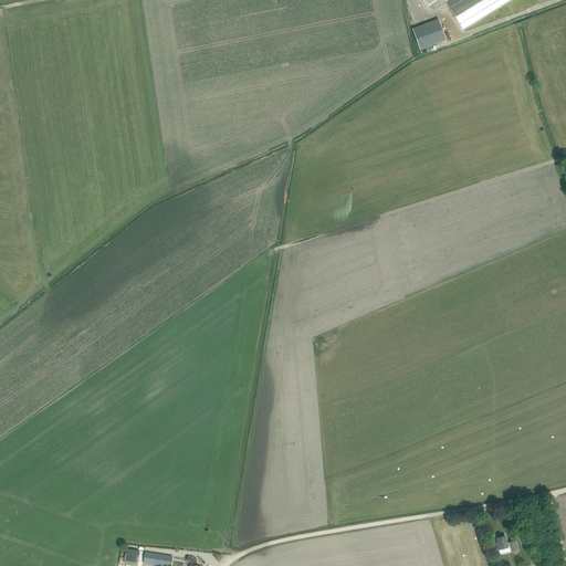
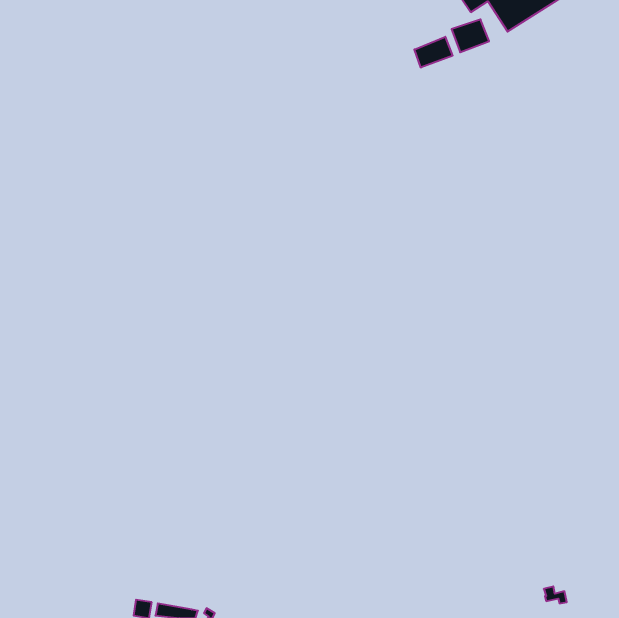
building: none -> [414,37,453,68]

